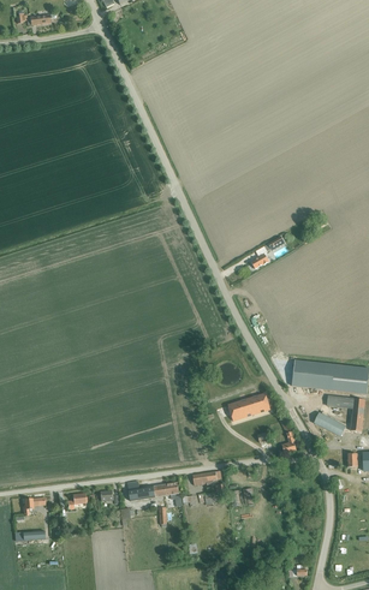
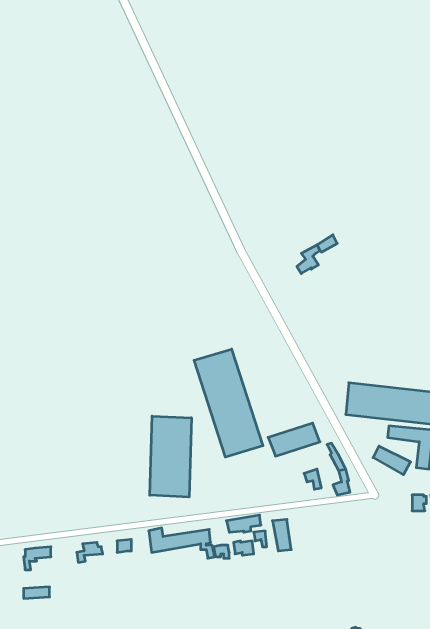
building: none -> [194,349,263,457]
building: none -> [150,416,191,497]

